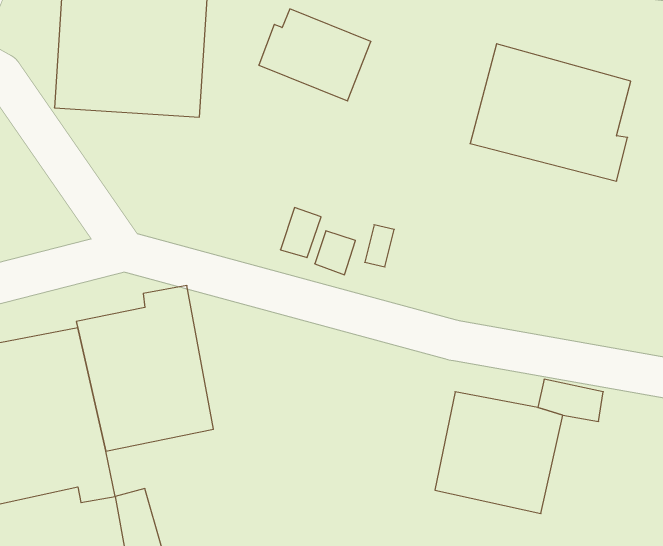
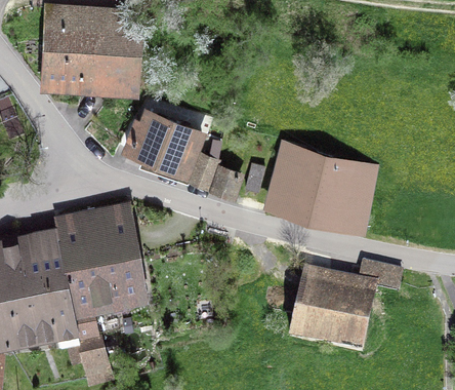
building: [259,9,371,101] -> [125,112,199,172]
building: [470,44,631,181] -> [266,142,372,232]

